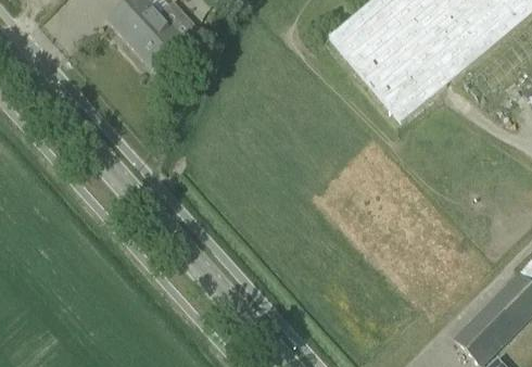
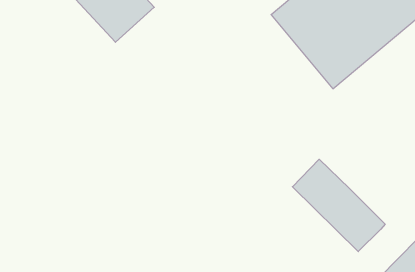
building: none -> [292,159,385,252]

